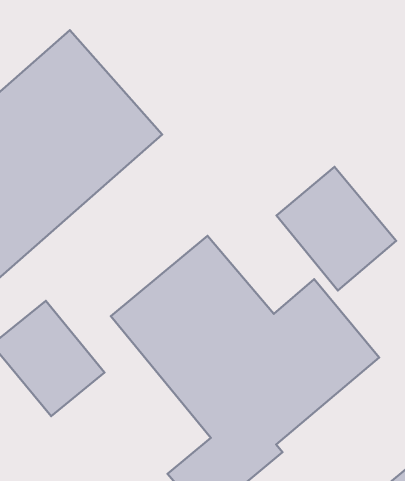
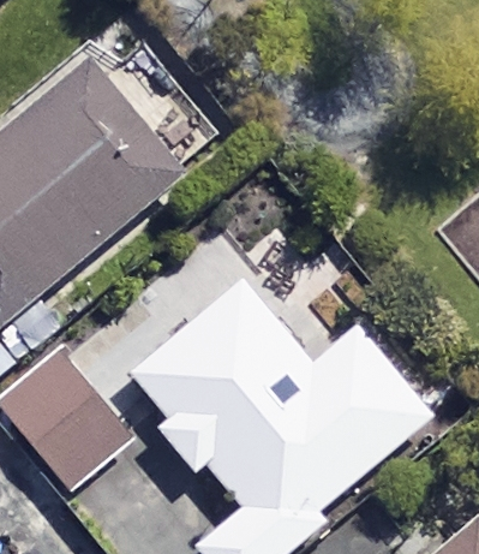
building: [276,167,396,291] -> none

